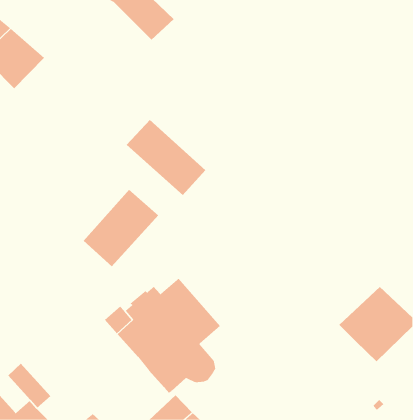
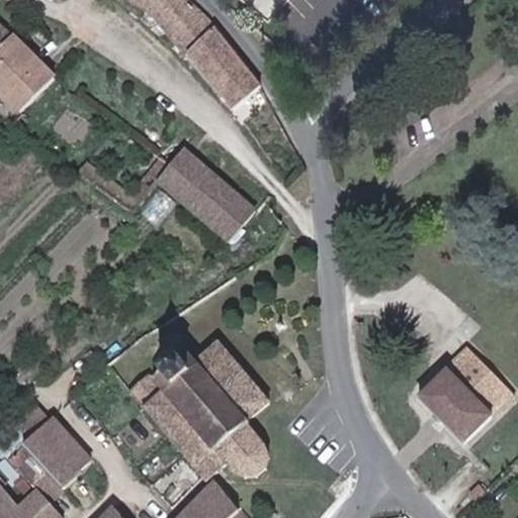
building: none -> [185,23,259,104]
building: [83,189,159,267] -> none
building: none -> [25,420,89,485]

